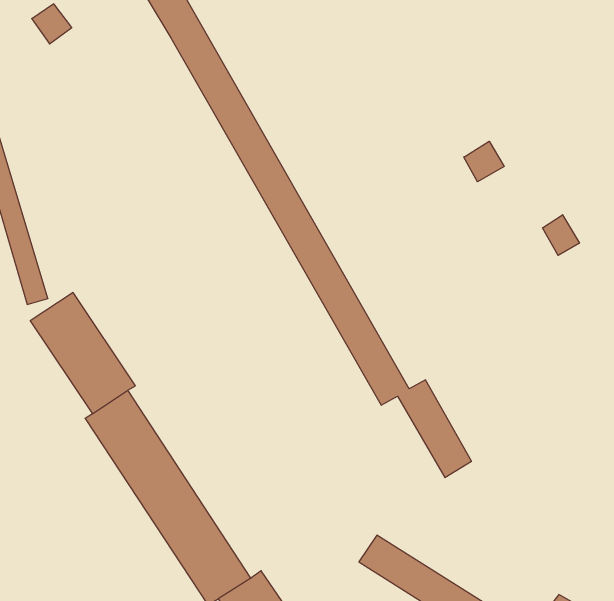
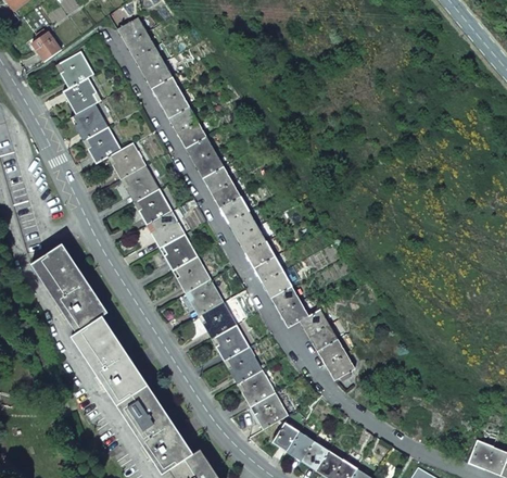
building: none -> [55,51,288,430]
building: [464,141,504,182] -> none
building: [543,215,579,255] -> none

